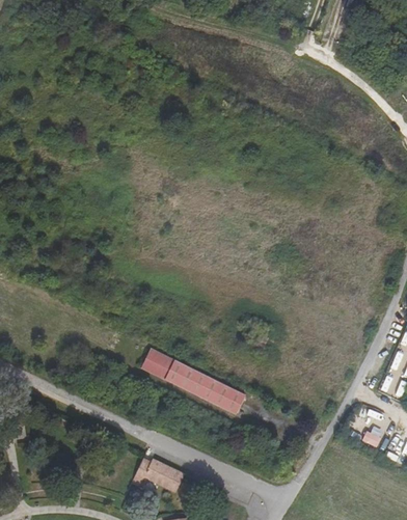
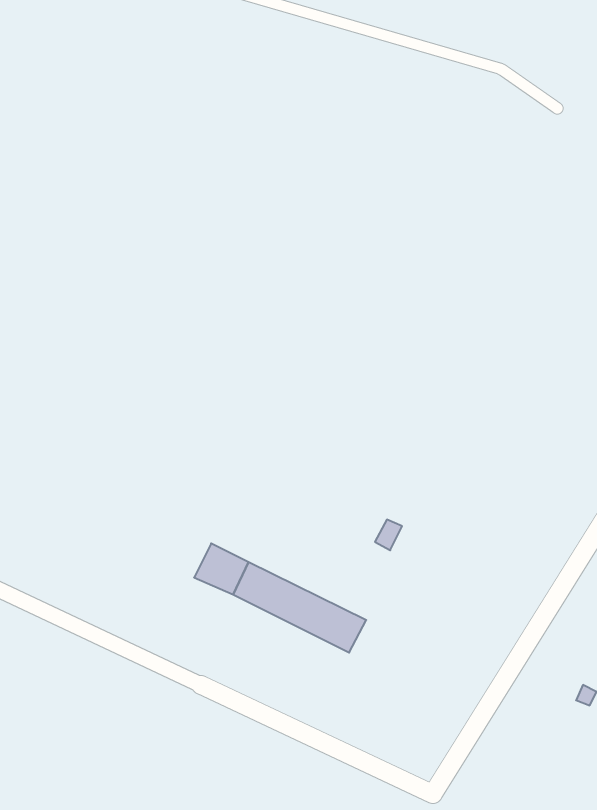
building: [130,458,184,492] -> none

